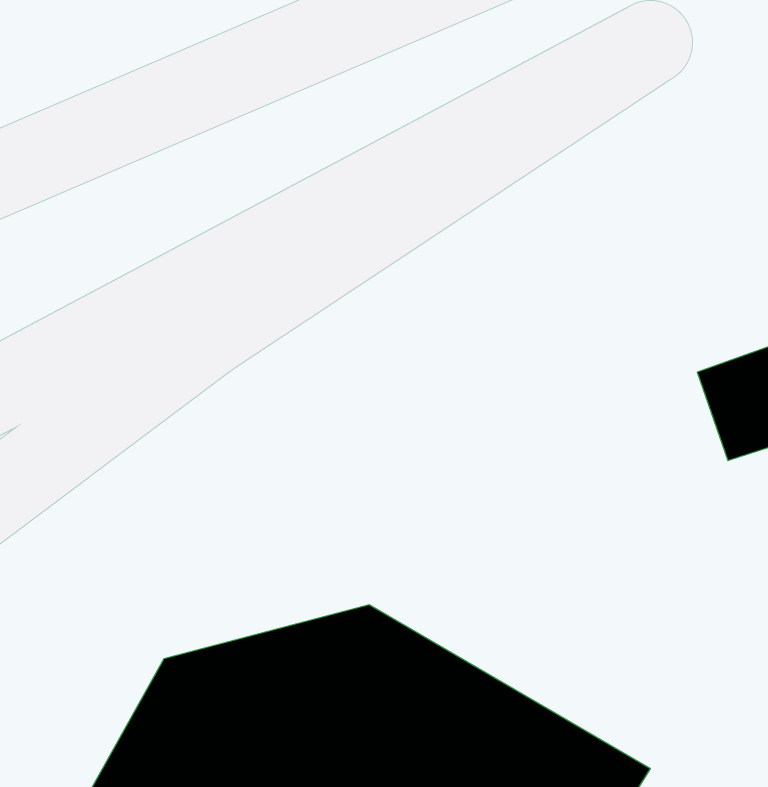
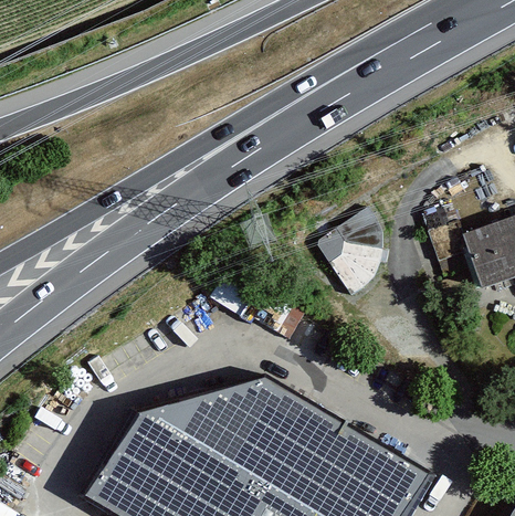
building: none -> [317,210,399,294]

